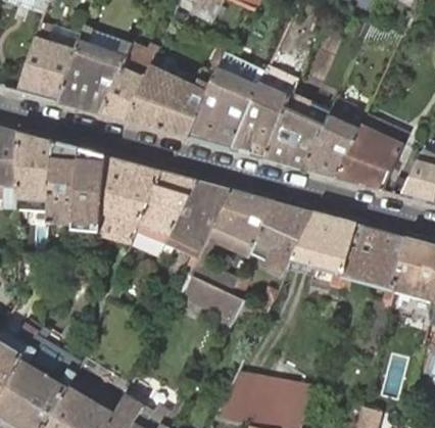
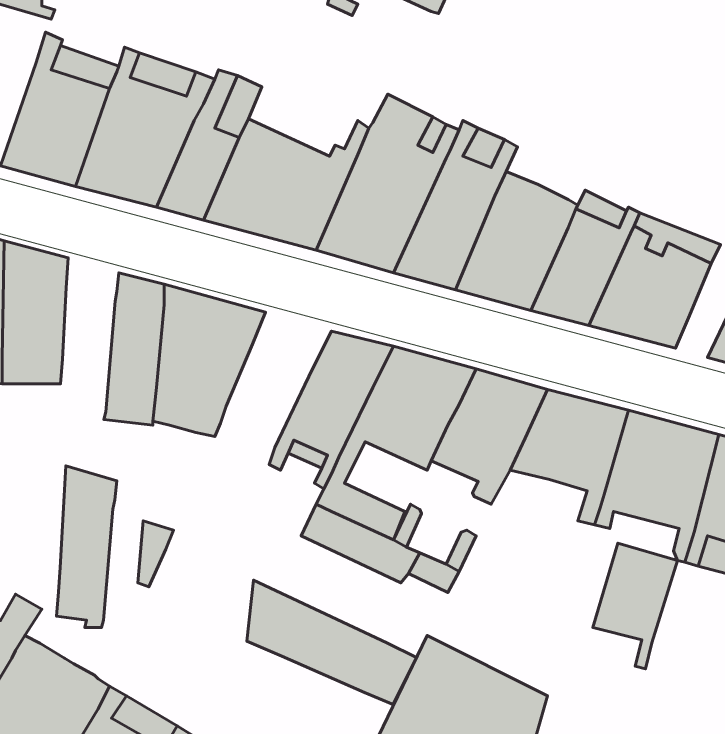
building: [49,142,82,230] -> [57,466,117,628]
building: [137,172,197,245] -> none
building: none -> [593,543,677,669]
building: none -> [247,580,417,704]

